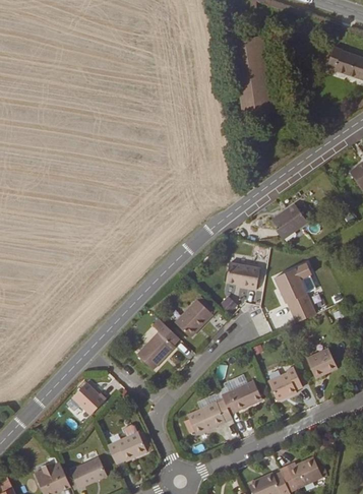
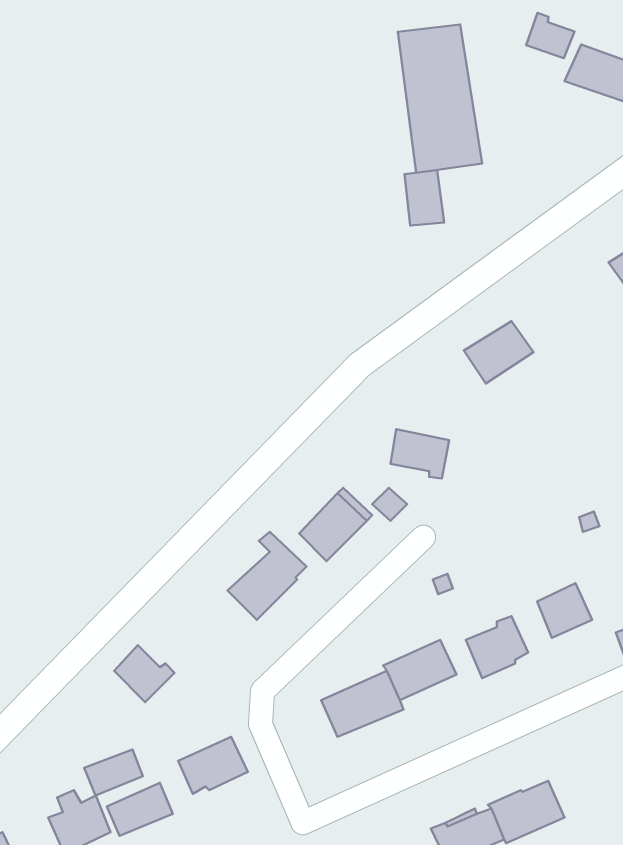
building: none -> [526,13,574,58]
building: none -> [405,170,444,226]
building: [274,262,315,323] -> none
building: none -> [84,750,143,796]

